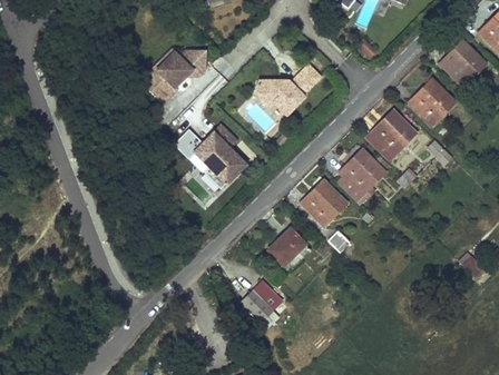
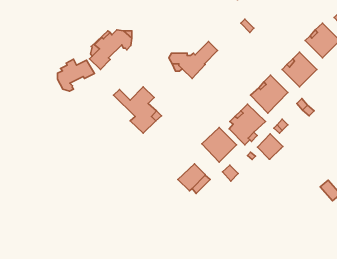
building: none -> [57,59,94,91]
building: none -> [257,134,283,159]
building: [241,282,281,323] -> none

